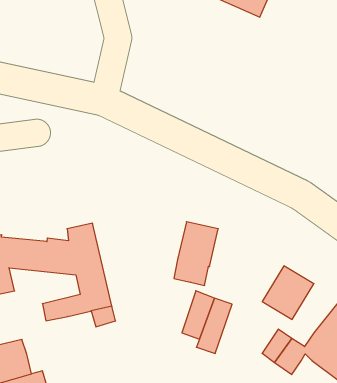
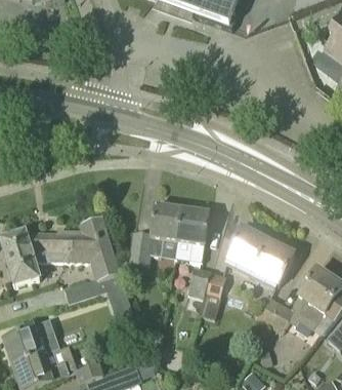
building: none -> [130,203,182,265]
building: none -> [226,226,268,271]

